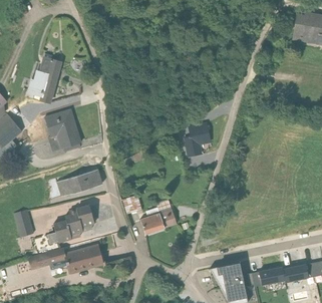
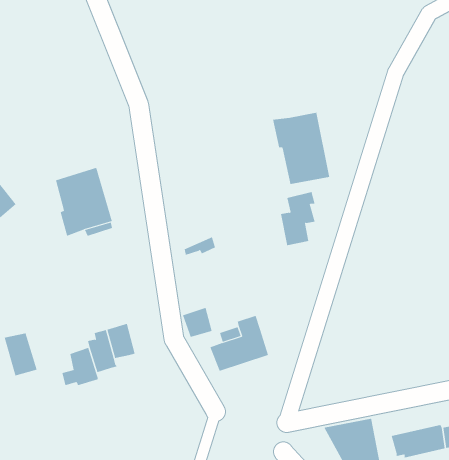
building: [19,54,58,99] -> none
building: none -> [272,111,330,185]
building: [55,168,101,195] -> none
building: [26,245,102,273] -> none

